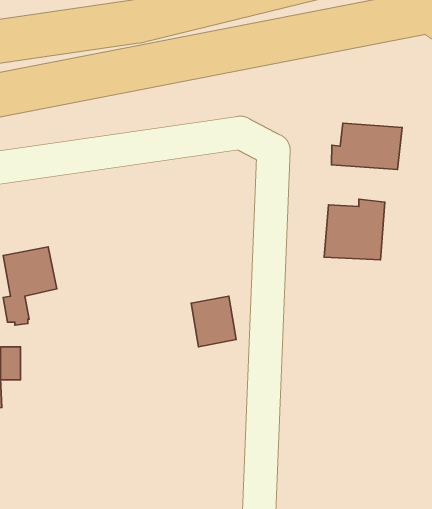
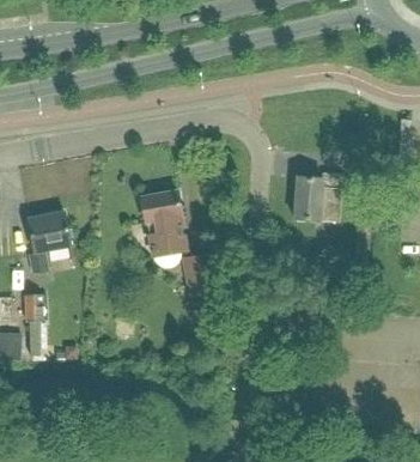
building: [332,123,402,170] -> none
building: none -> [141,190,185,255]

